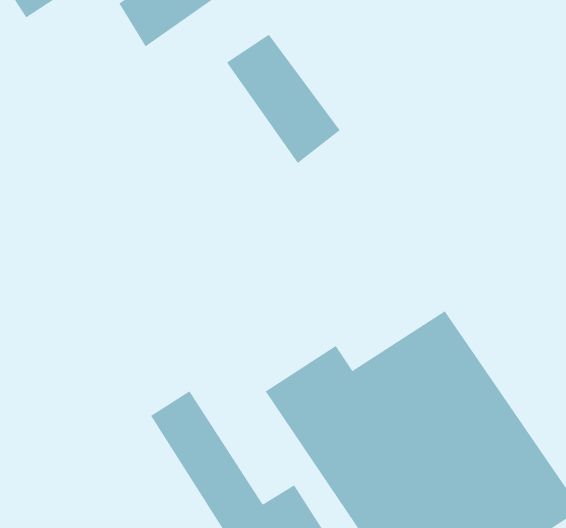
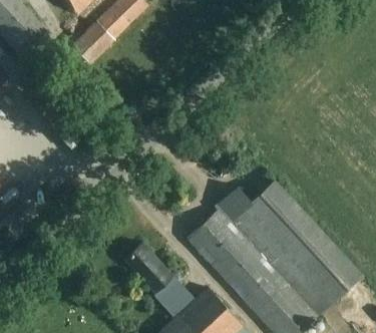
building: [226,34,341,164] -> none

